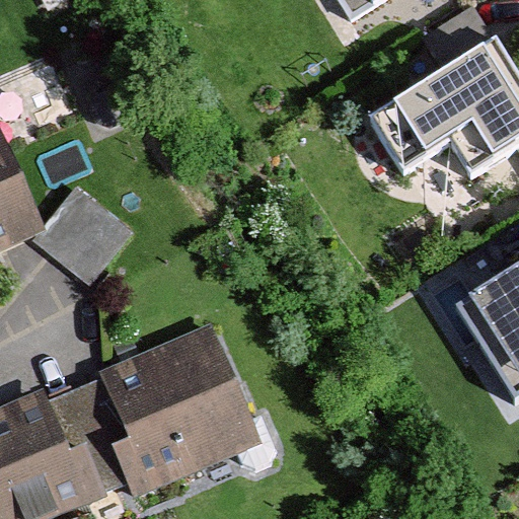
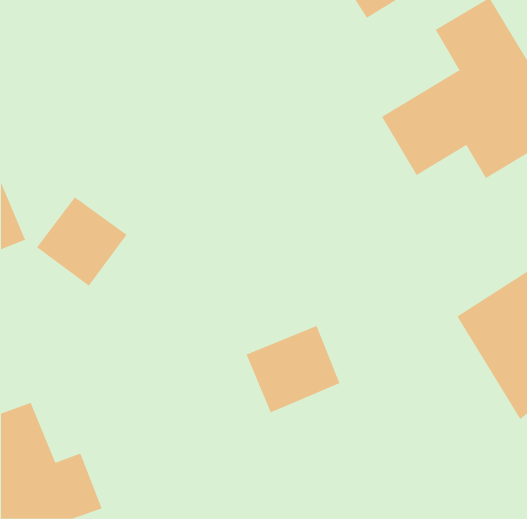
building: none -> [246,325,340,413]
building: [94,325,252,494] -> none

